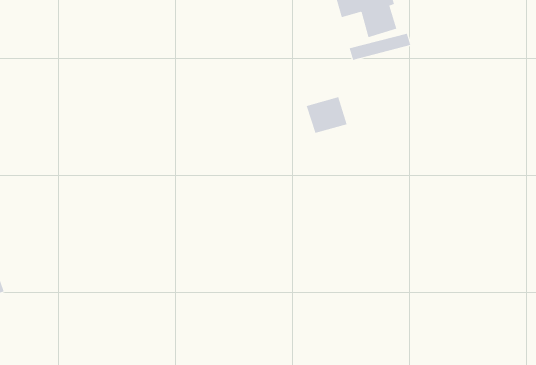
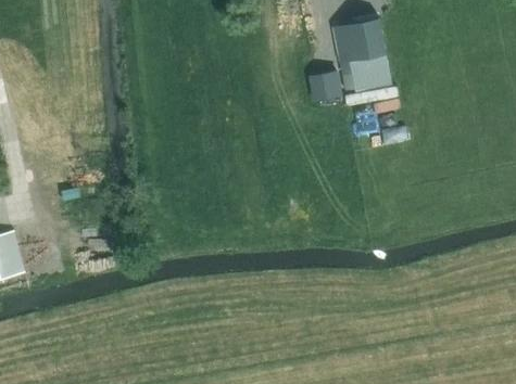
building: [306,97,348,134] -> [307,69,342,100]

